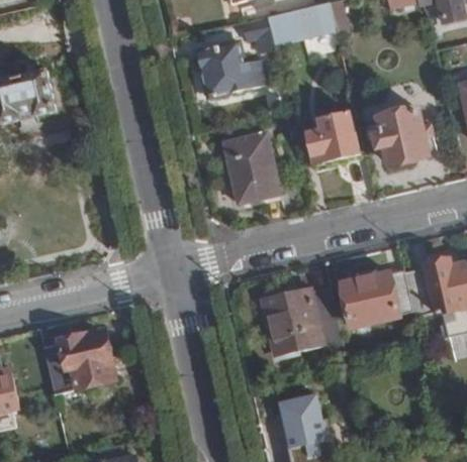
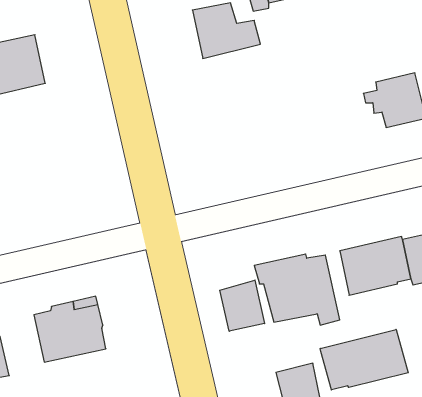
building: [306,112,358,162] -> none
building: [224,131,280,203] -> none
building: none -> [220,280,265,331]
building: none -> [320,329,408,390]

